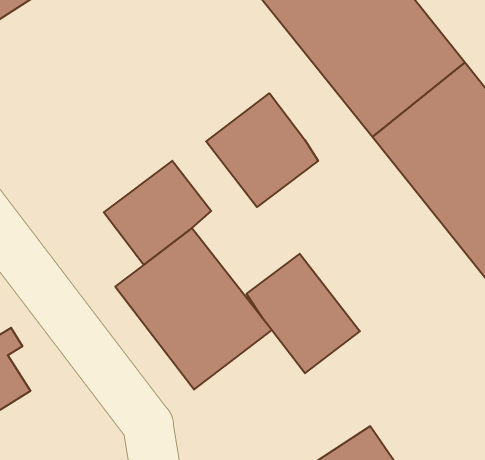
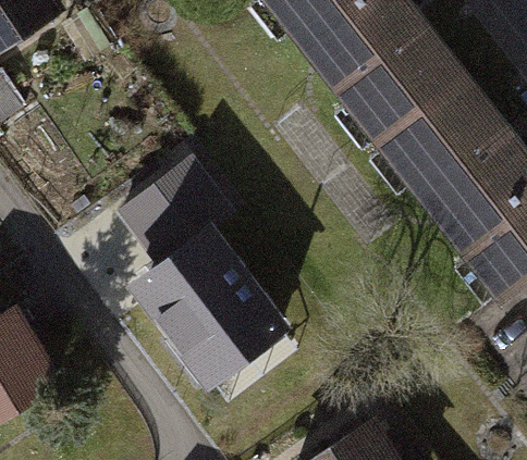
building: [206,93,318,207] -> none
building: [247,254,360,373] -> none

